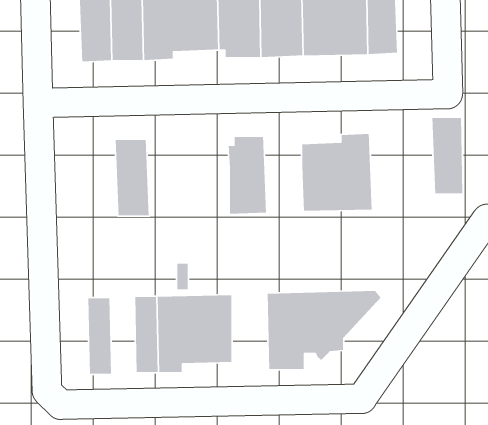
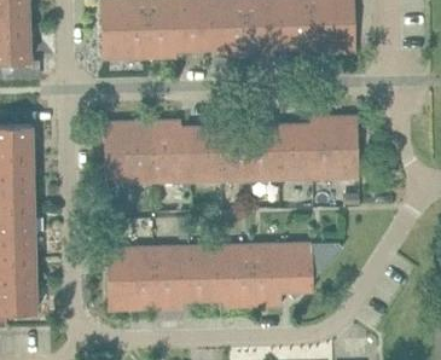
building: [432,117,463,194] -> [333,116,359,178]
building: none -> [249,117,280,180]
building: none -> [155,120,221,182]
building: none -> [104,121,132,184]
building: none -> [224,244,253,307]
building: none -> [126,246,146,309]

